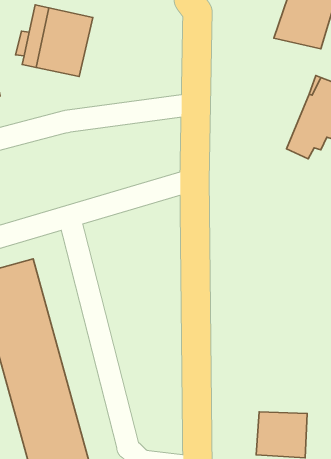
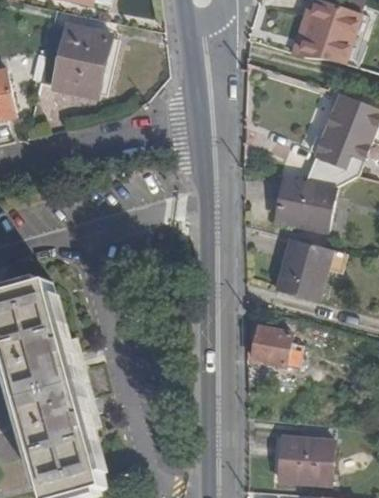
building: none -> [276,176,336,233]
building: none -> [275,238,332,302]
building: none -> [252,326,302,368]

